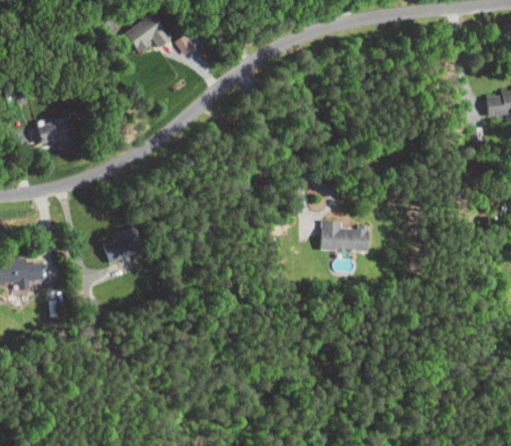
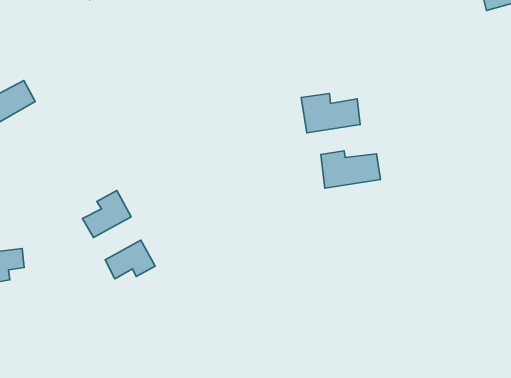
building: none -> [301,93,360,133]
building: none -> [105,240,155,279]

